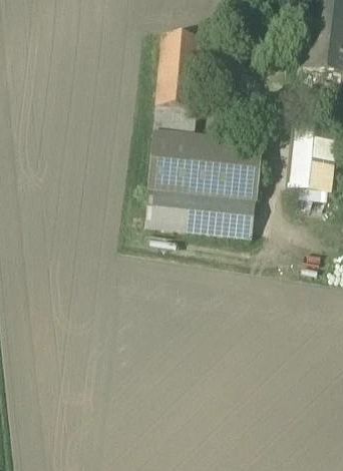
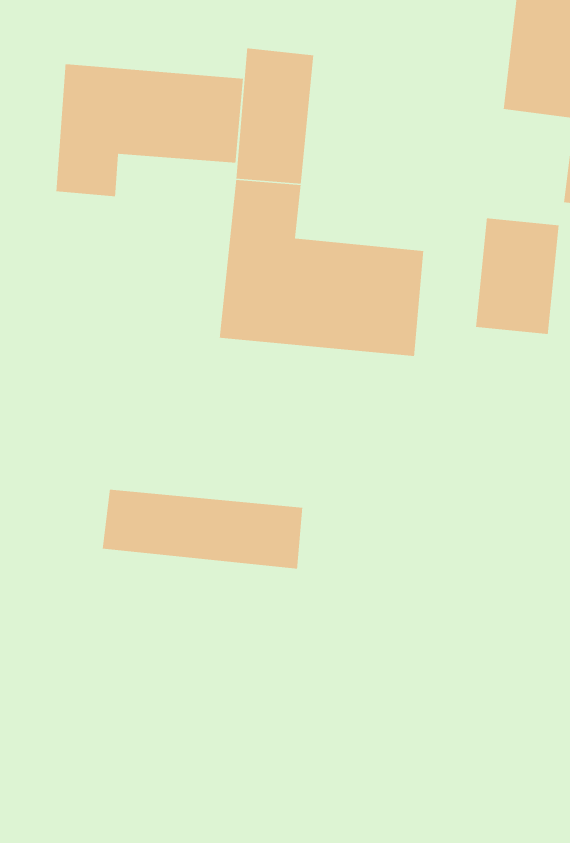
building: none -> [56,63,244,197]
building: [145,192,256,237] -> [102,489,303,569]

